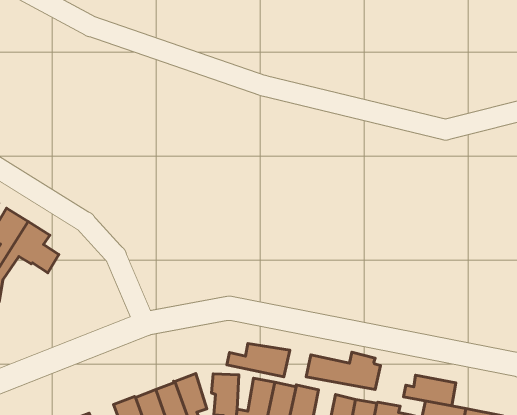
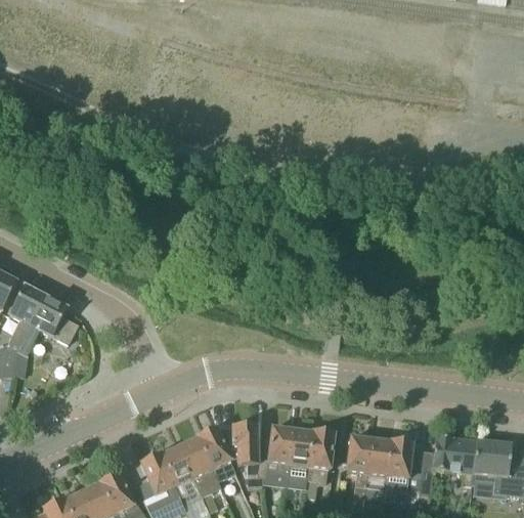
building: [227,344,290,377] -> none
building: [306,352,381,390] -> none
building: [404,375,456,406] -> none

